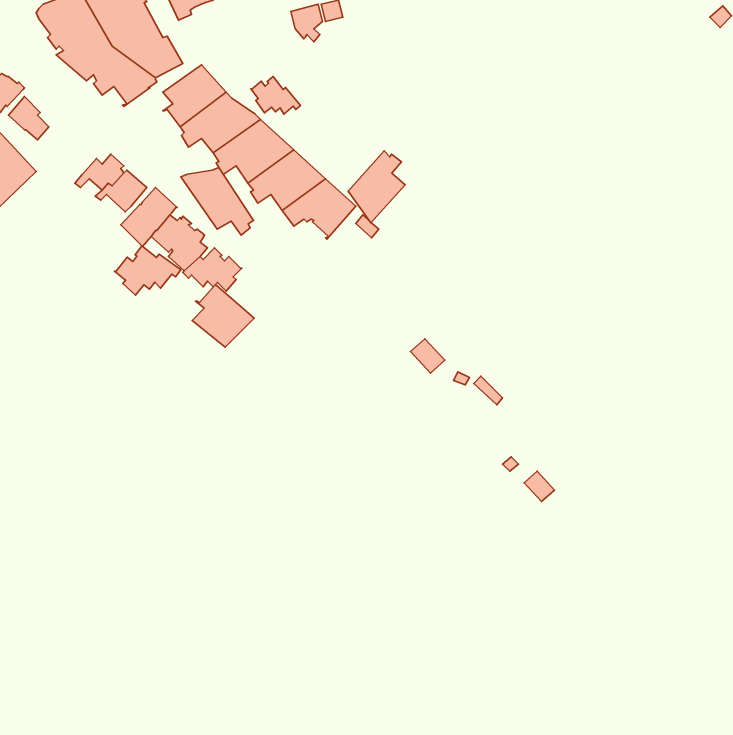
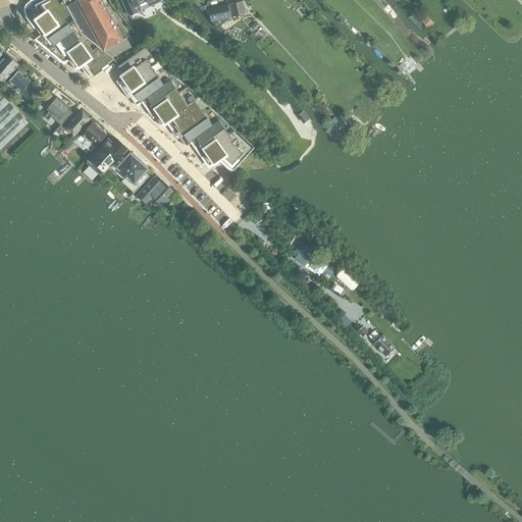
building: [251,77,300,114] -> none
building: none -> [40,96,68,123]
building: [348,151,405,223] -> none
building: [181,168,253,235] -> none
building: [115,246,181,295] -> none
building: [192,284,254,347] -> none

